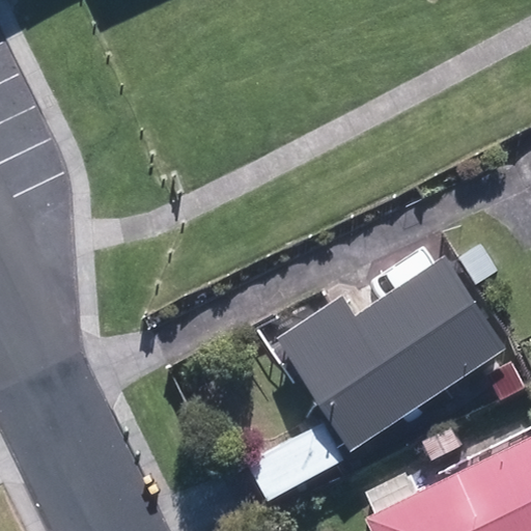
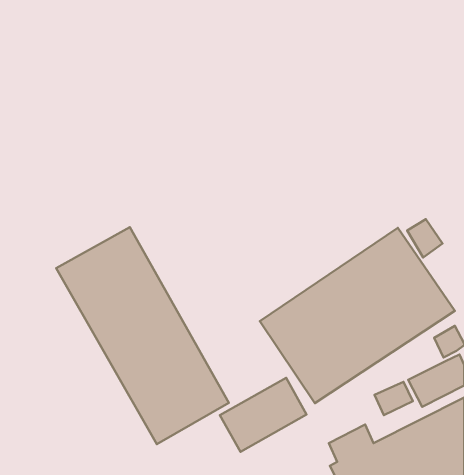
building: none -> [56,227,229,444]

